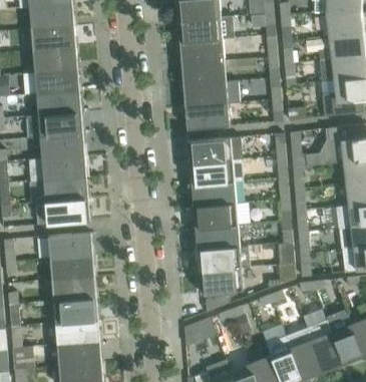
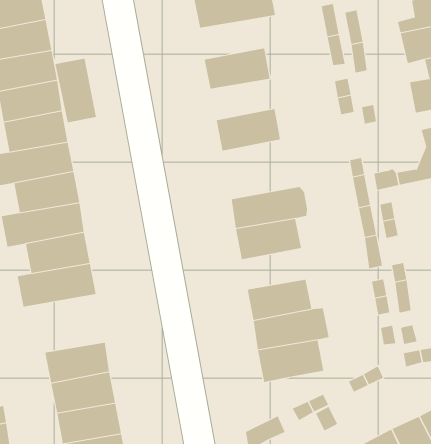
building: [179,39,224,64] -> none
building: none -> [55,58,96,123]
building: [182,82,227,107] -> none
building: [188,136,242,163] -> none
building: [193,202,250,228] -> none
building: [47,233,92,258] -> none

